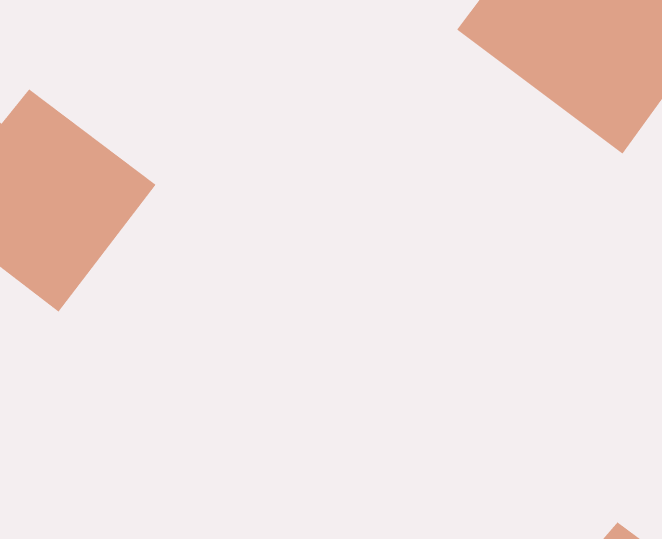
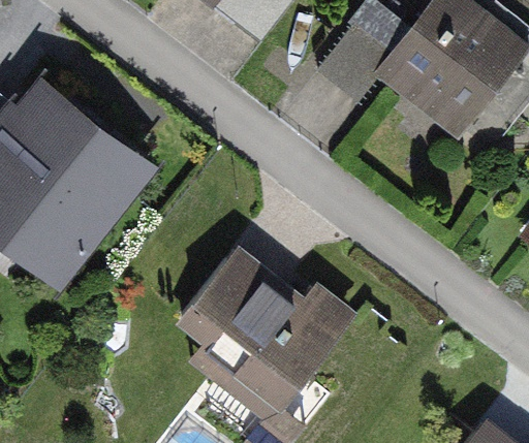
building: none -> [184,248,355,410]

